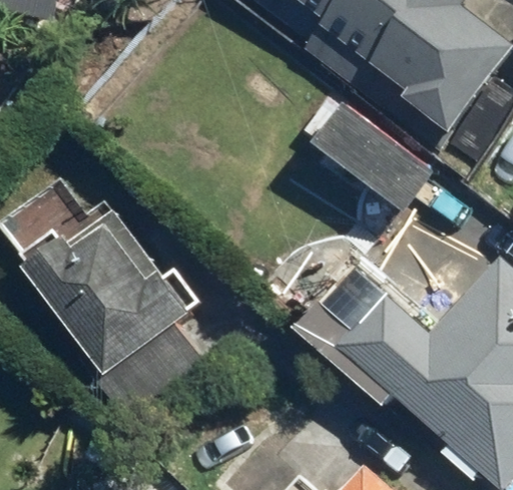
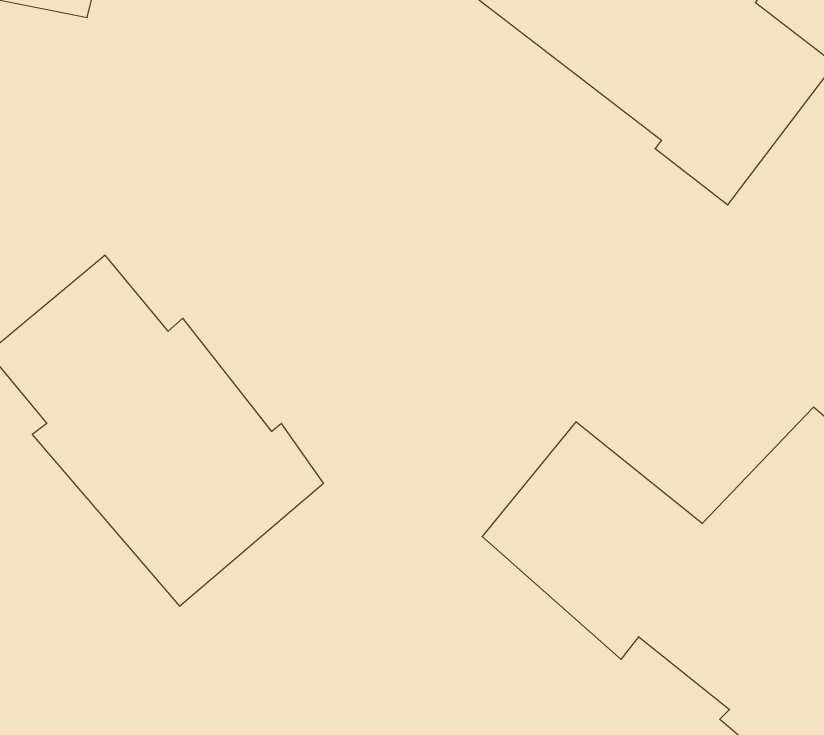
building: [300,89,442,222] -> none

